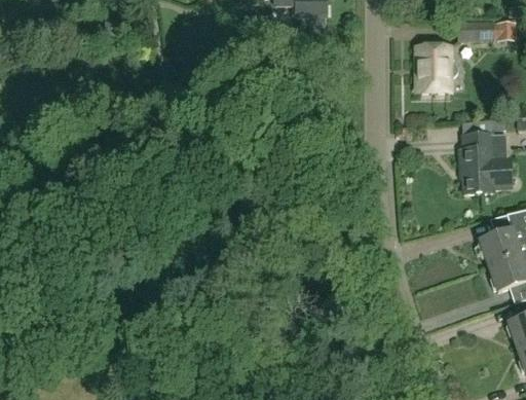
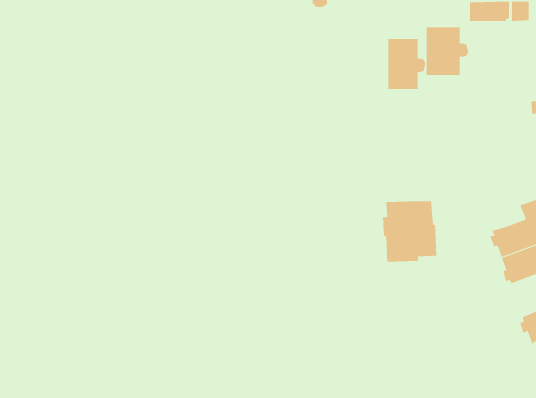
building: none -> [388,38,426,90]
building: [459,134,512,192] -> [382,201,437,262]

